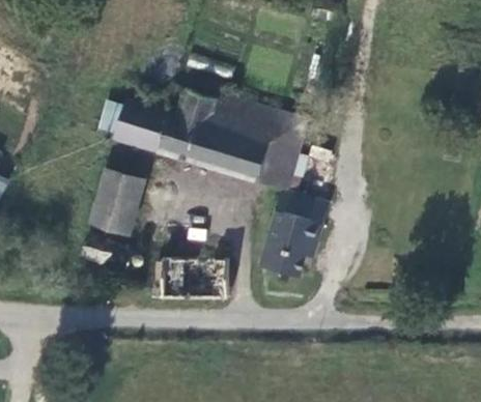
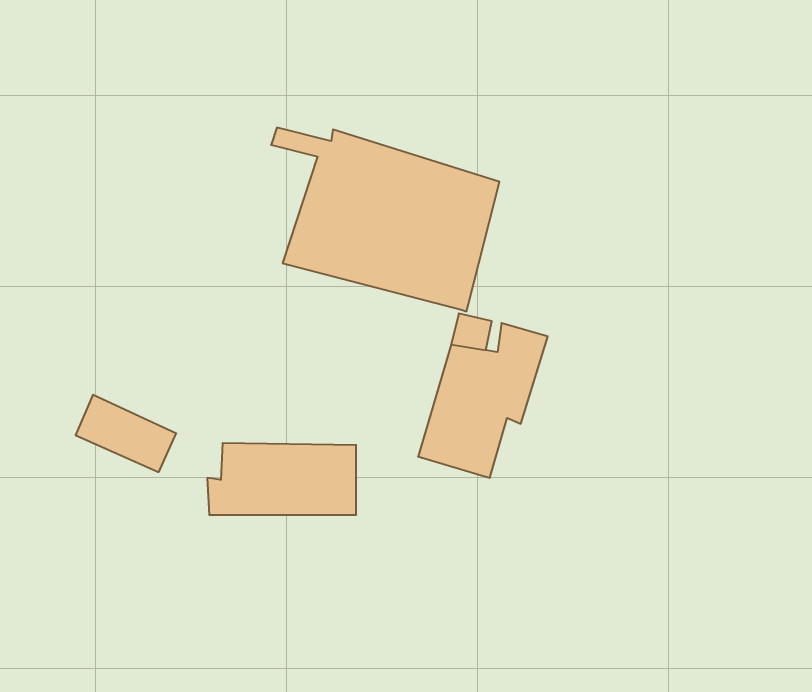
building: [112,99,208,163] -> none
building: [89,170,138,236] -> none

